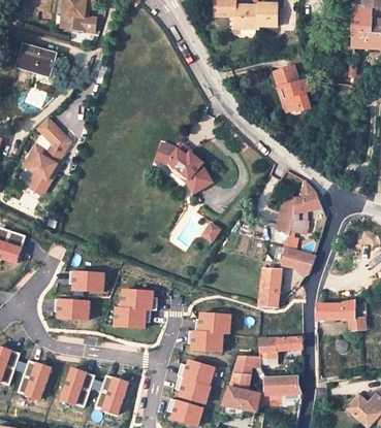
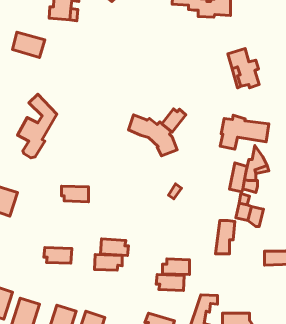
building: none -> [162,109,186,132]
building: none -> [220,115,269,149]
building: [69,272,101,291] -> [62,186,89,202]
building: [259,338,304,377] -> none
building: [177,361,213,386] -> none

